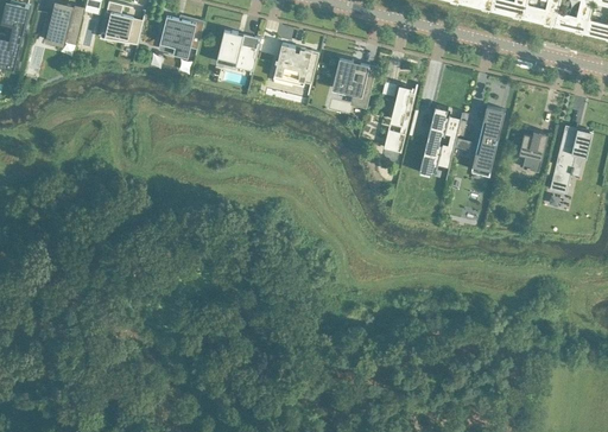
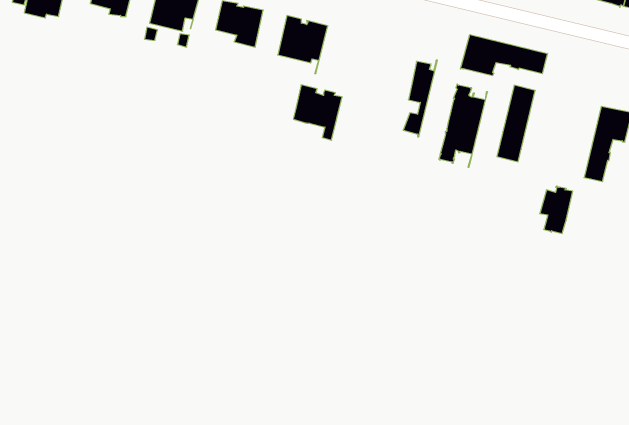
building: [330,56,374,106] -> [293,85,342,140]
building: none -> [460,35,548,76]
building: [517,127,546,170] -> [540,186,573,233]

